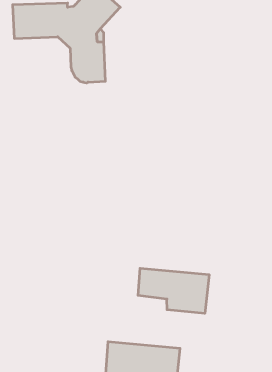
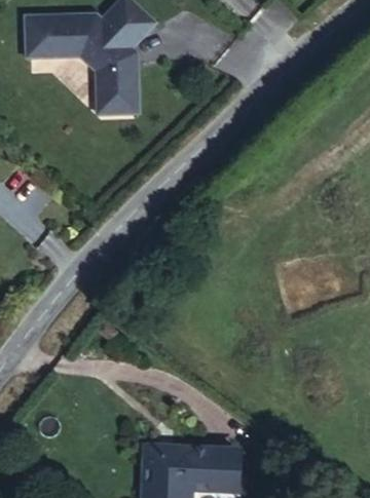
building: [138,268,209,313] -> none

